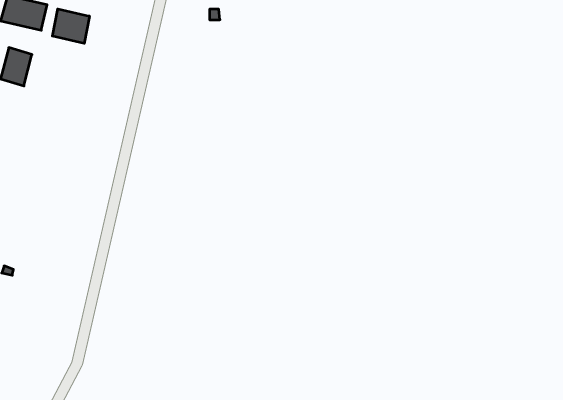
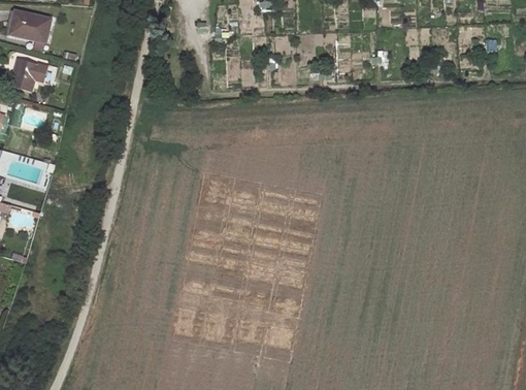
building: [52,9,89,43] -> none

